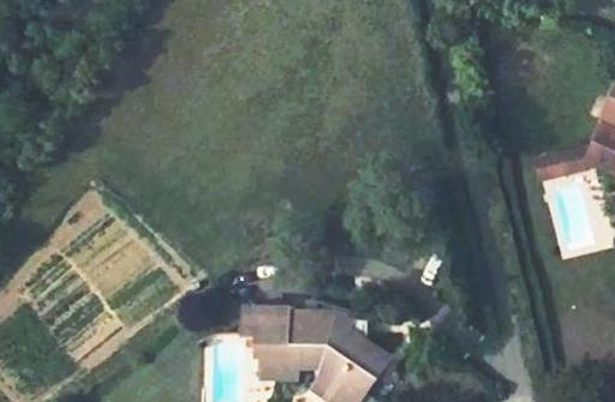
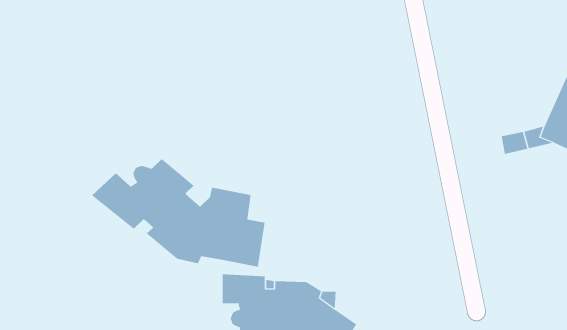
building: none -> [91,158,265,268]

